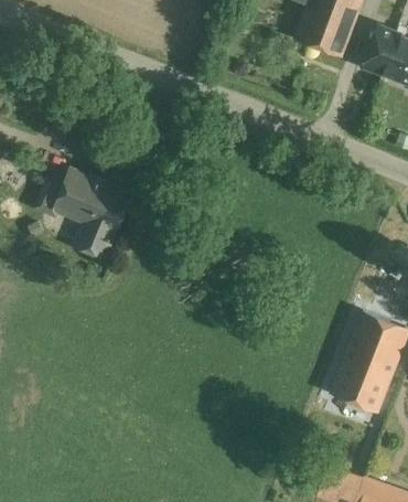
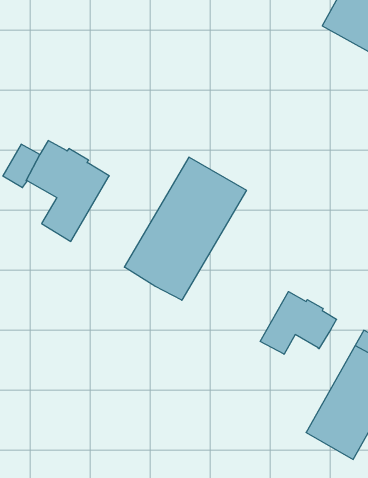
building: none -> [124,157,246,300]
building: none -> [260,292,337,354]

